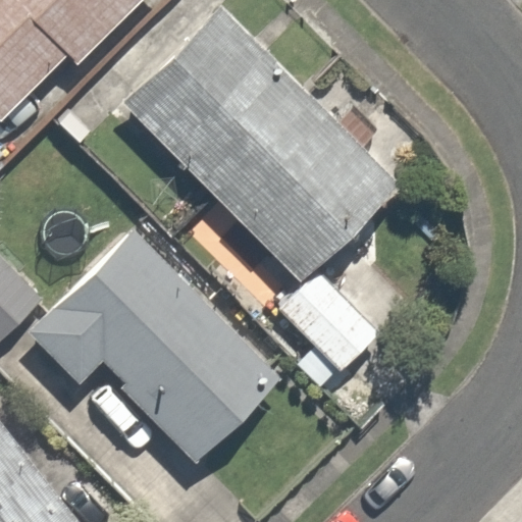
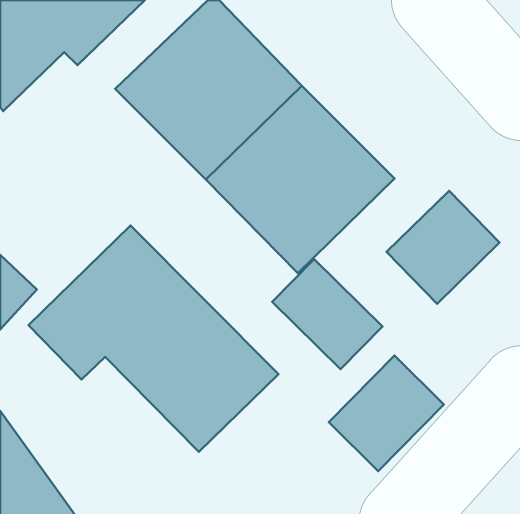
building: none -> [387,191,499,304]
building: none -> [329,356,444,471]

